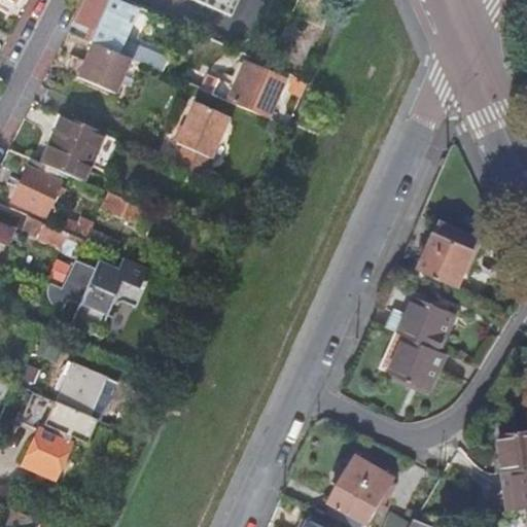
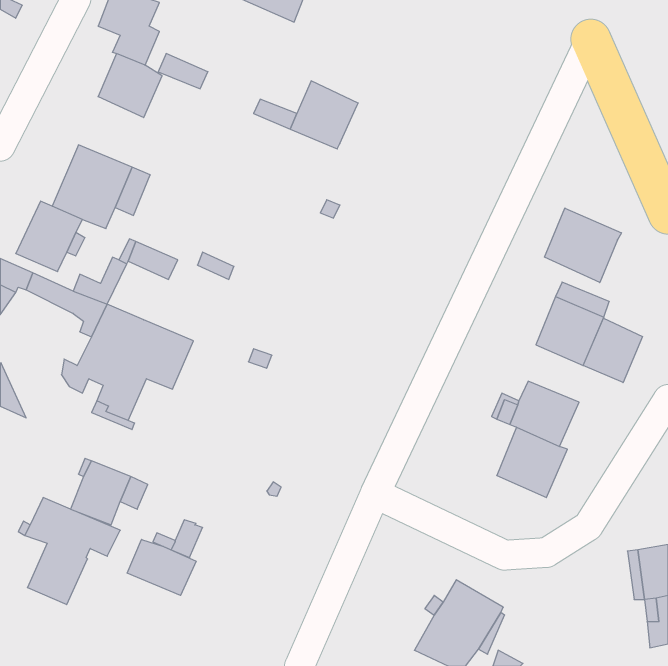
building: [175,101,227,174] -> none
building: none -> [544,208,621,283]
building: none -> [583,318,643,383]
building: none -> [127,539,196,595]

